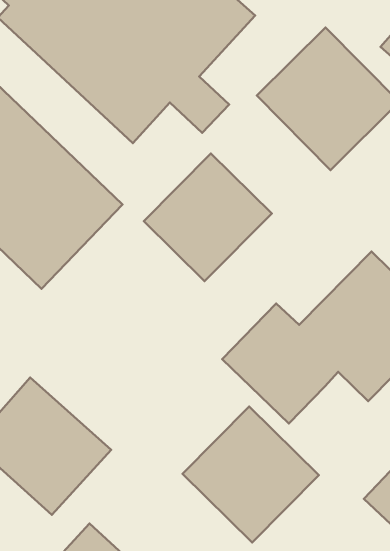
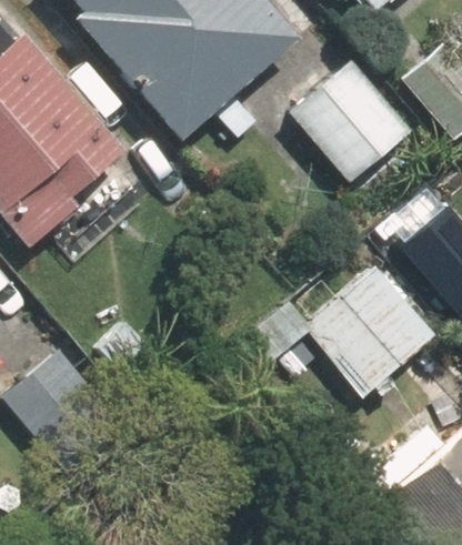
building: [144,153,272,281] -> none
building: [183,406,319,543] -> none

